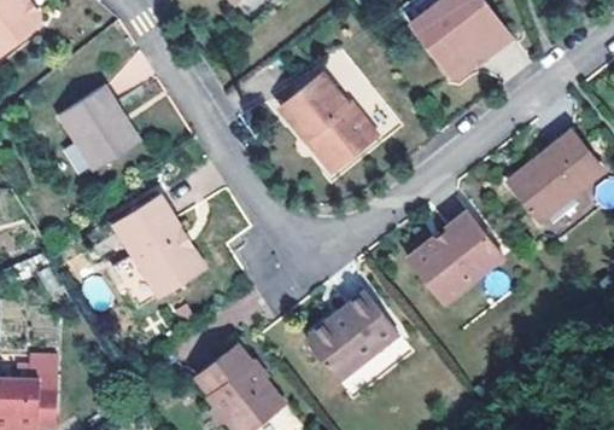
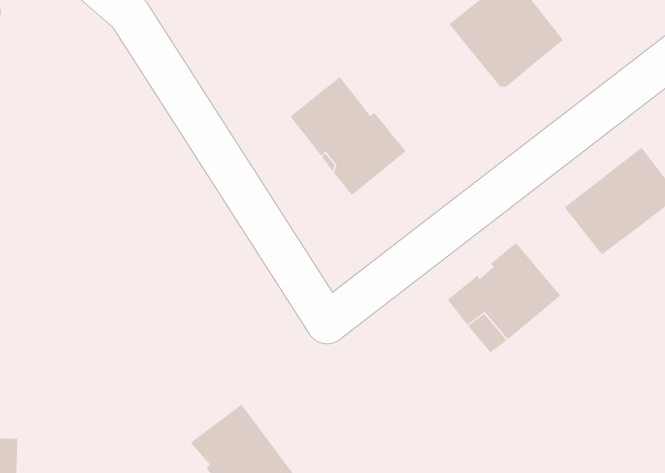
building: [53,91,138,176] -> none
building: [119,194,215,295] -> none
building: [310,290,399,373] -> none

